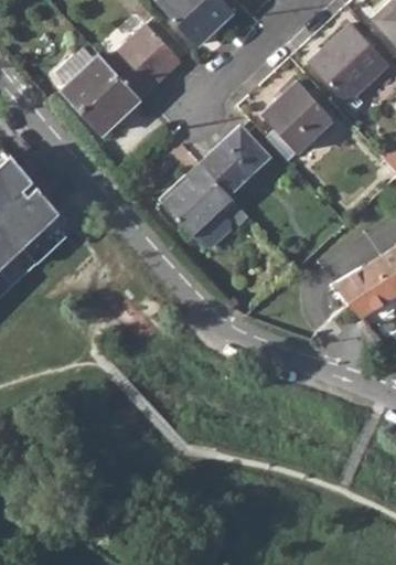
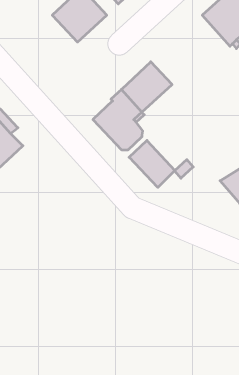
building: [54,46,140,134] -> none
building: [260,82,332,161] -> none
building: none -> [129,140,175,187]

